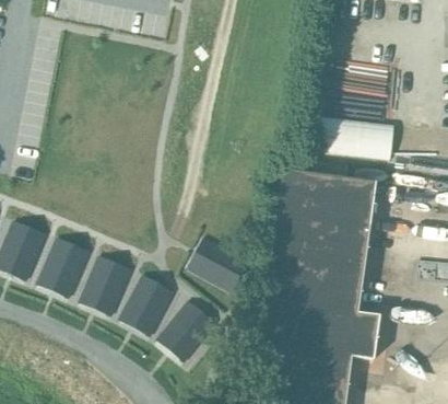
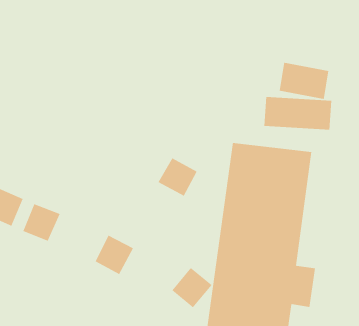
building: [199,245,245,290] -> [157,157,197,196]
building: [85,258,129,303] -> none
building: [165,303,212,350] -> [171,267,212,308]

